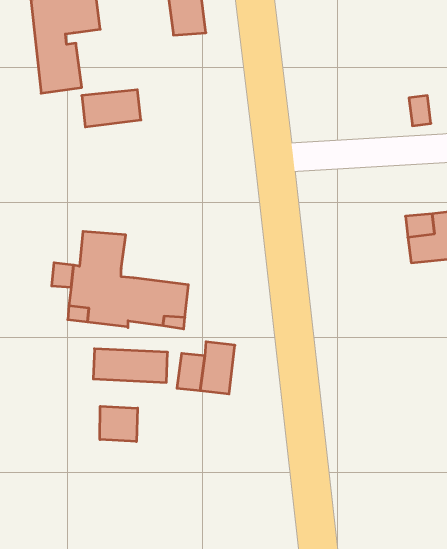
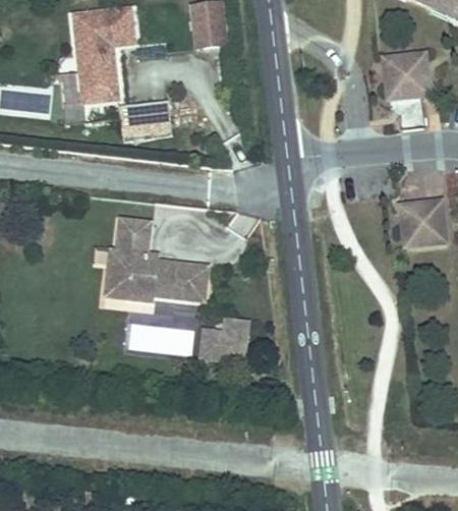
building: none -> [385,55,431,100]
building: [100,406,138,442] -> none

